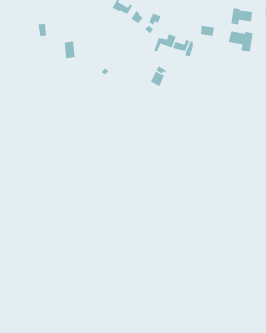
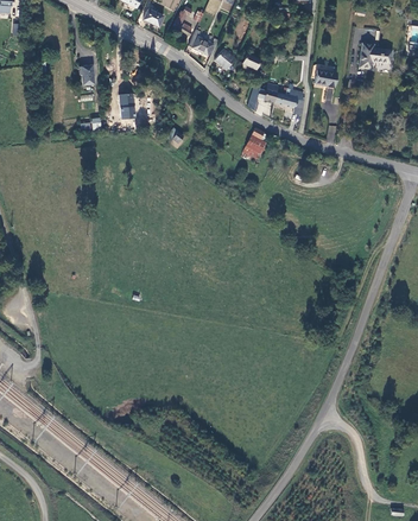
building: [228,31,253,52] -> none

